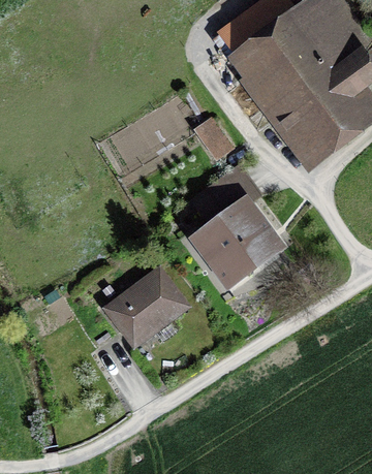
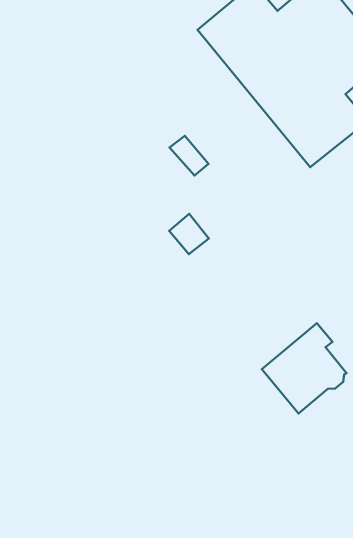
building: [198,206,270,281] -> [262,323,346,414]
building: [103,272,183,347] -> none

